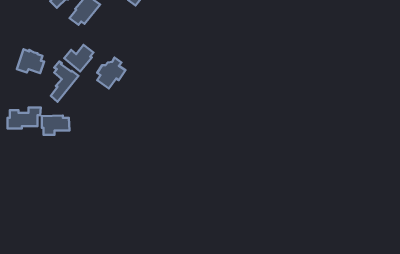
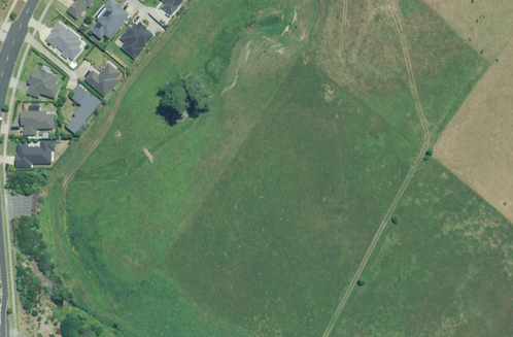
building: none -> [43,21,83,60]
building: [97,58,126,89] -> [116,20,151,58]
building: [42,115,70,135] -> [22,110,56,134]

